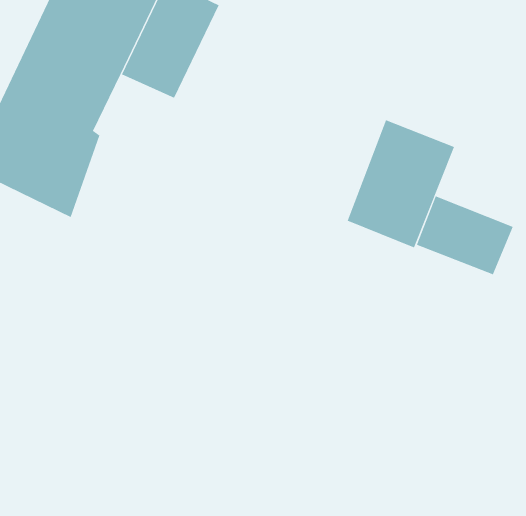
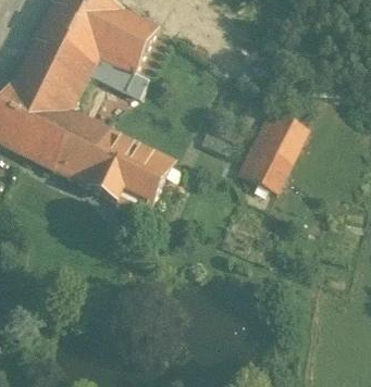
building: none -> [57,113,171,214]
building: [416,196,513,275] -> none

